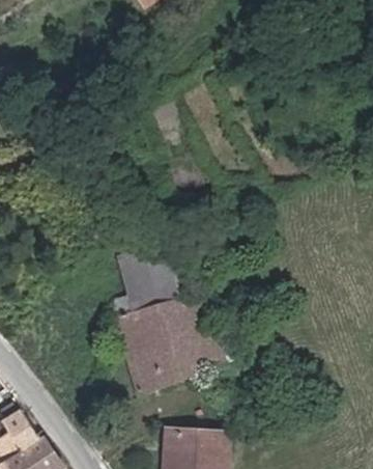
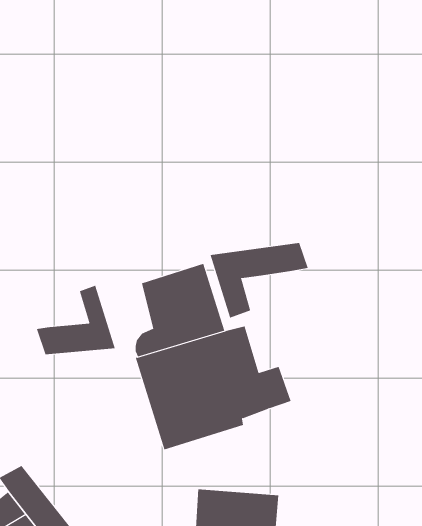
building: none -> [210,242,309,318]
building: none -> [36,285,116,355]

